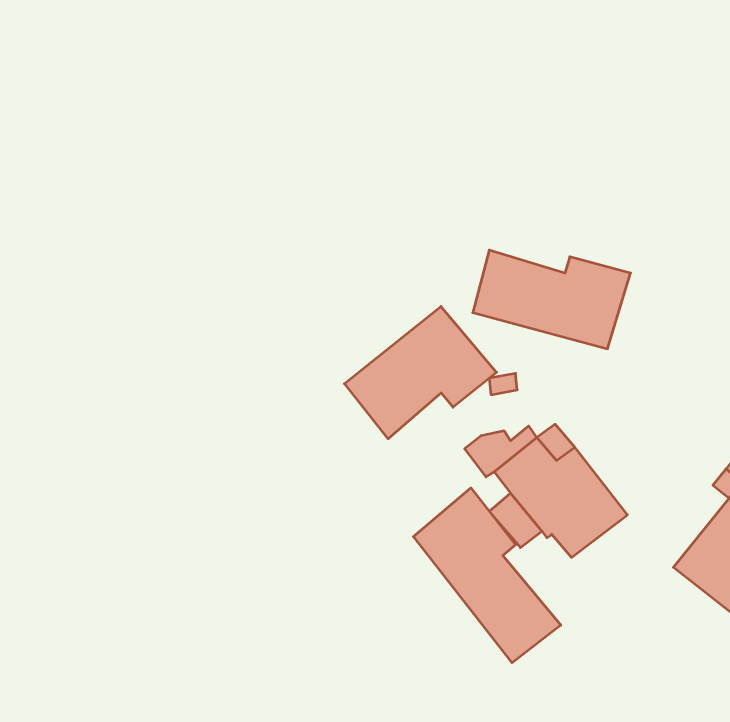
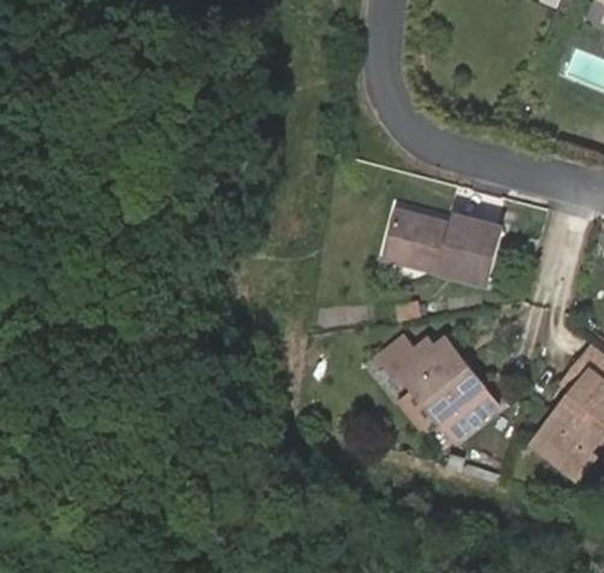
building: [344,306,497,439] -> none
building: [413,488,561,663] -> none

